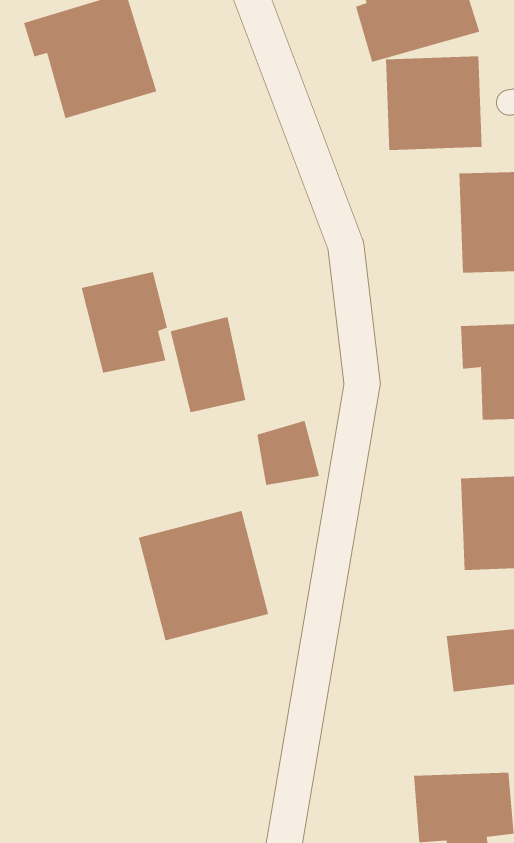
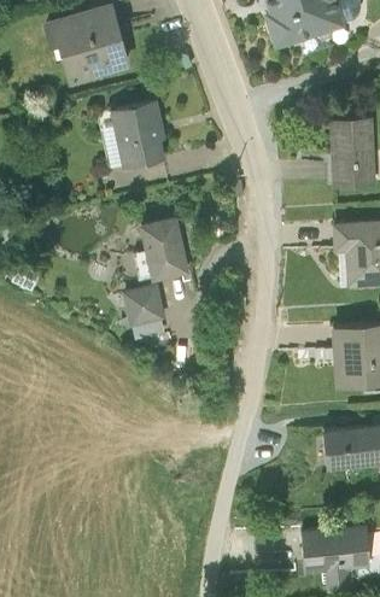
building: [386,56,482,151] -> none
building: [81,271,168,373] -> [109,101,166,169]
building: [256,420,320,485] -> [123,286,165,329]
building: [138,510,269,641] -> none

